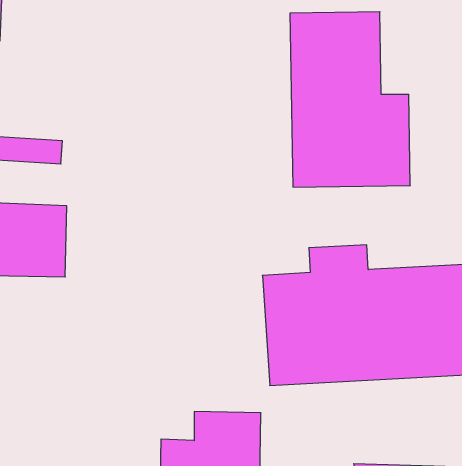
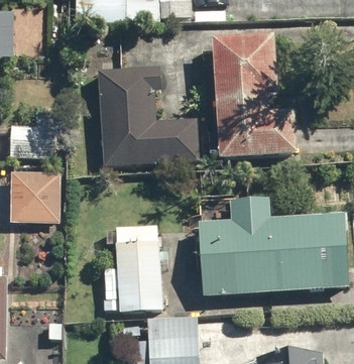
building: none -> [99,73,199,162]
building: none -> [103,224,159,311]

